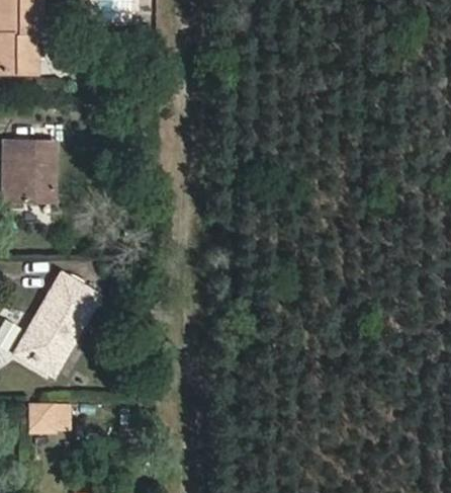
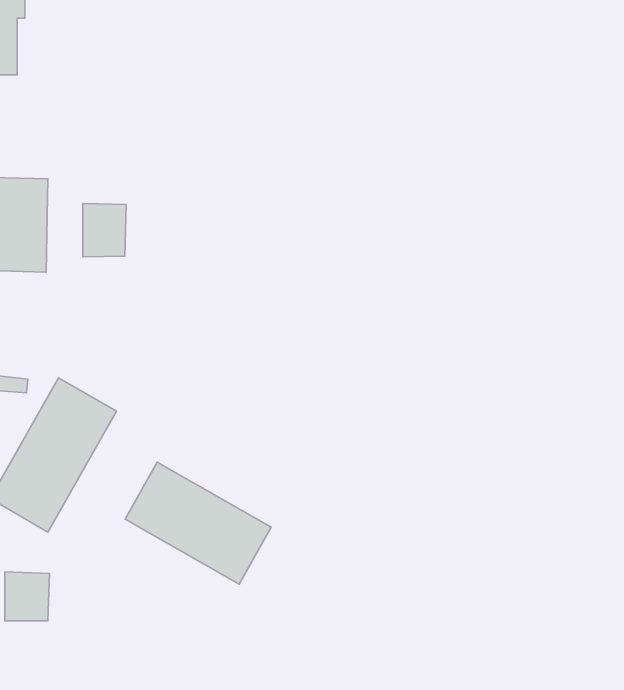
building: none -> [83,204,126,257]
building: none -> [125,462,271,584]

